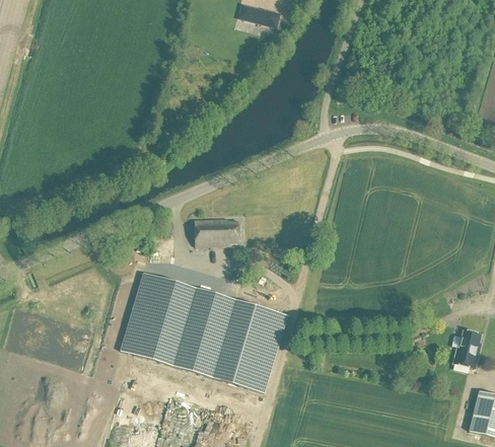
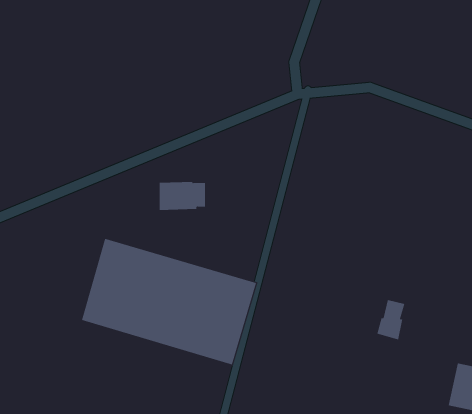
building: [452,329,480,368] -> [376,300,405,340]

